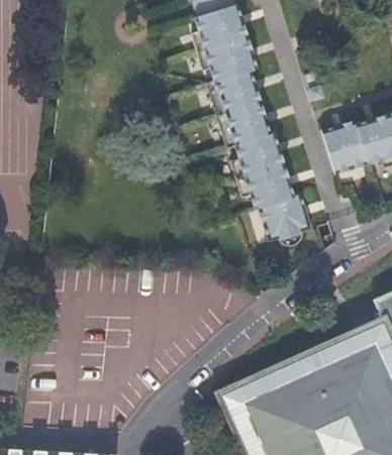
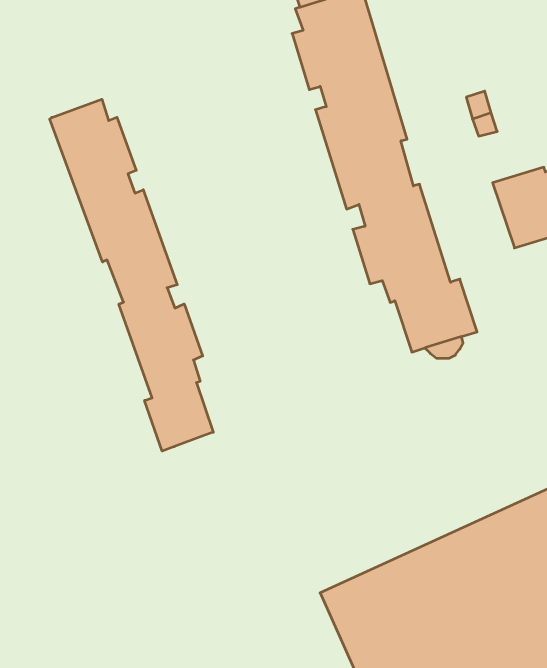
building: none -> [50,99,213,451]

